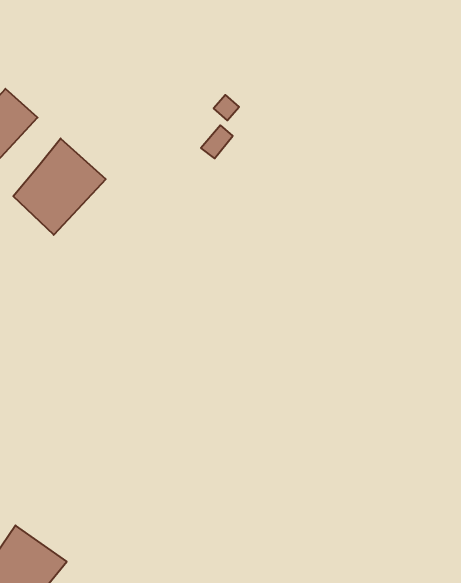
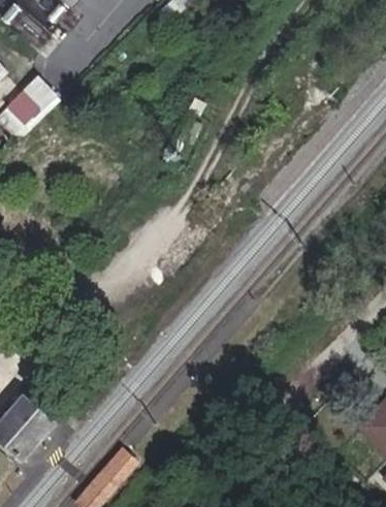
building: [13,138,106,235] -> none

